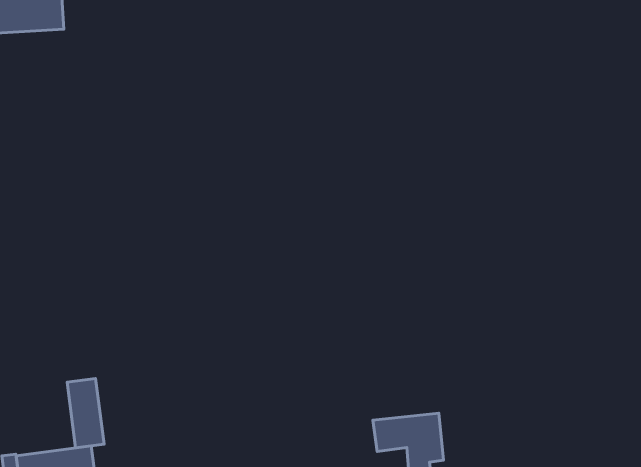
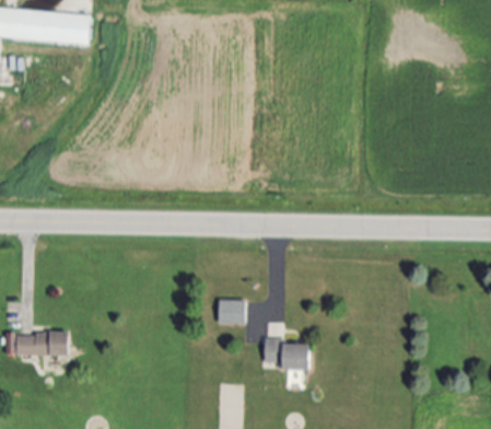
building: none -> [219,300,245,324]
building: [67,378,104,448] -> none

